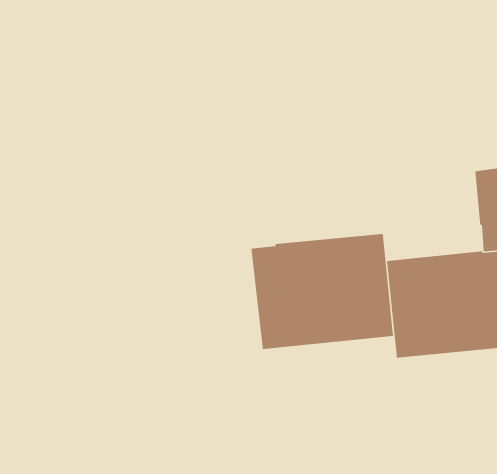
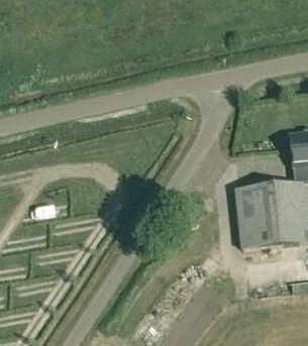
building: [250,233,394,350] -> none

